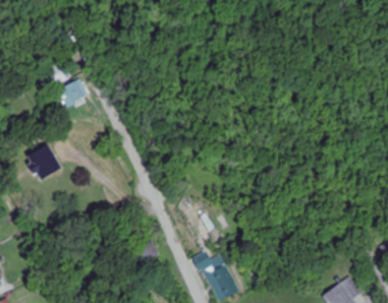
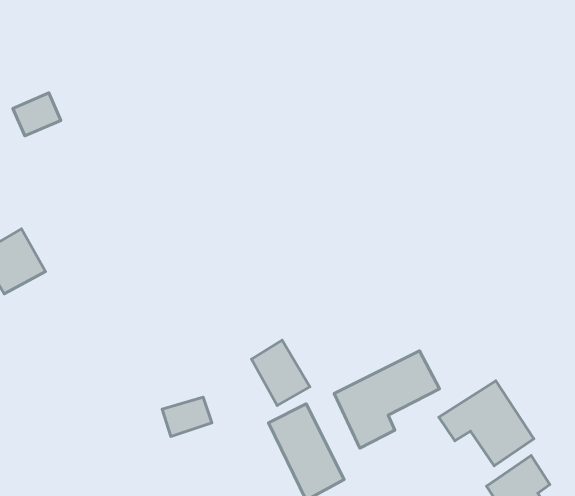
building: [60,80,88,107] -> none
building: none -> [334,351,439,448]
building: none -> [439,381,534,466]

